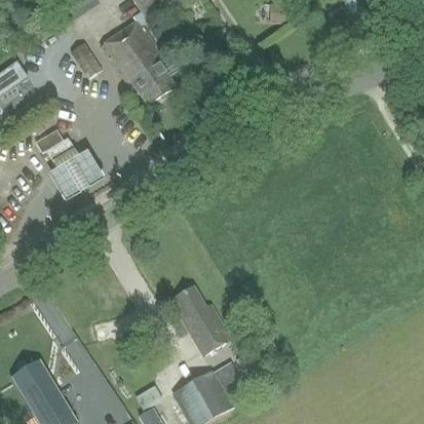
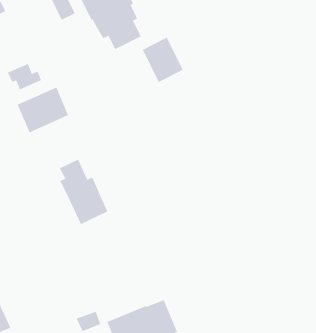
building: none -> [142,37,183,83]
building: [174,285,231,355] -> [59,159,108,225]

